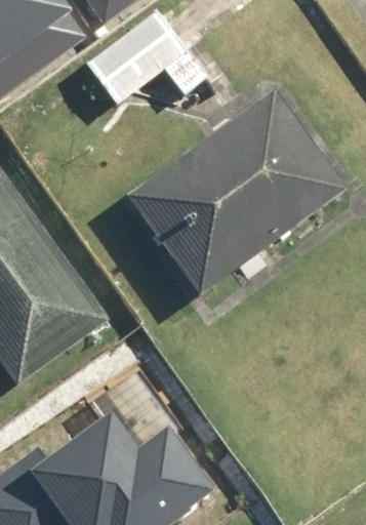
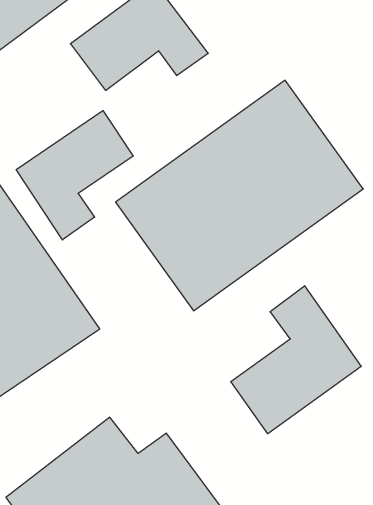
building: none -> [16,111,133,240]
building: none -> [231,286,361,434]

